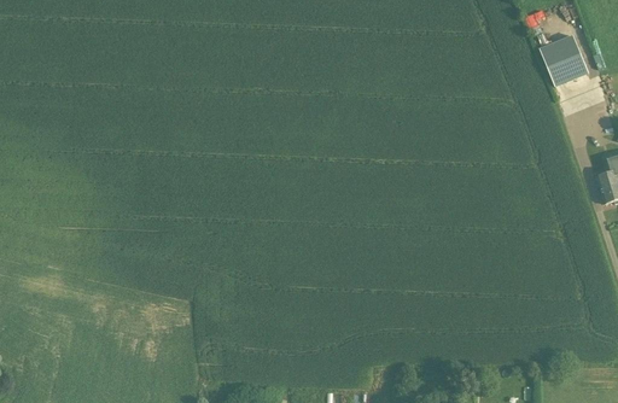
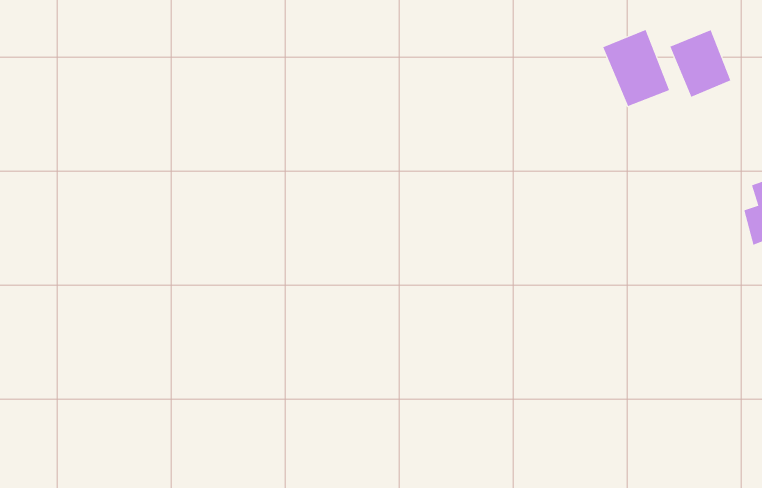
building: none -> [603,29,670,107]

